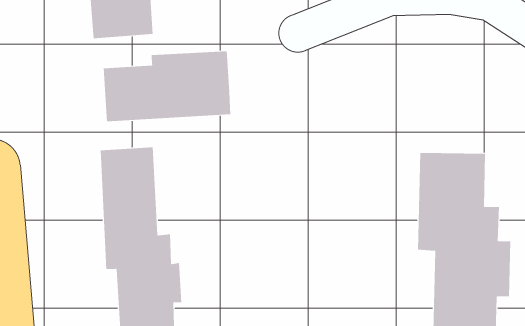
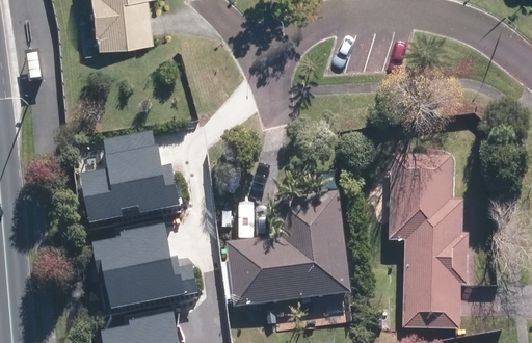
building: [103,51,231,122] -> none
building: none -> [229,193,350,306]

